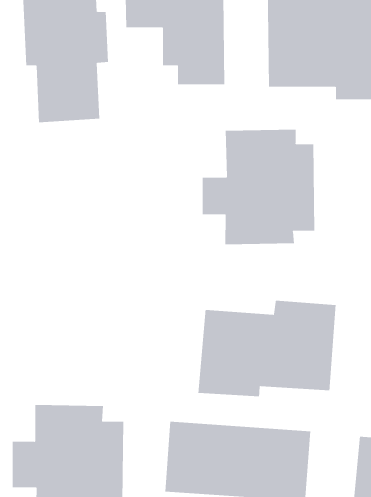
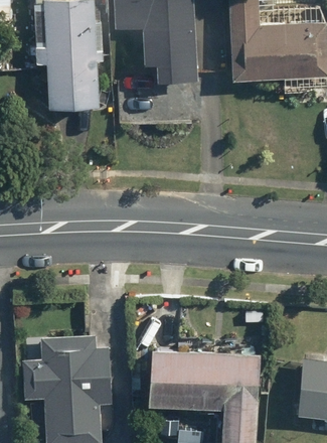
building: [202,129,315,245] -> none
building: [198,300,336,397] -> none

